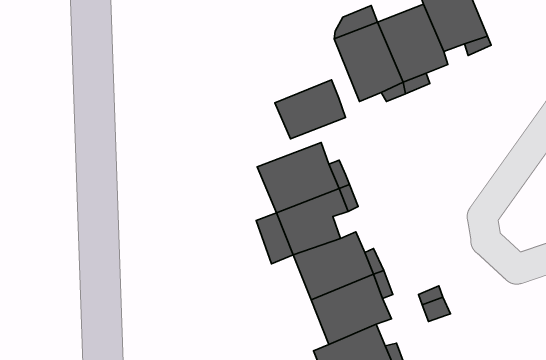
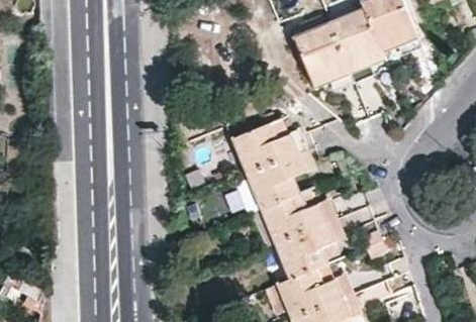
building: [275,80,346,139] -> none

